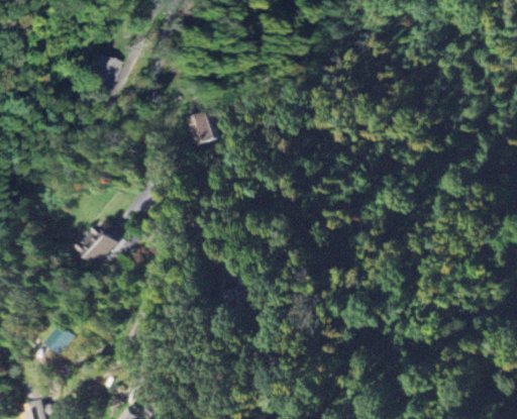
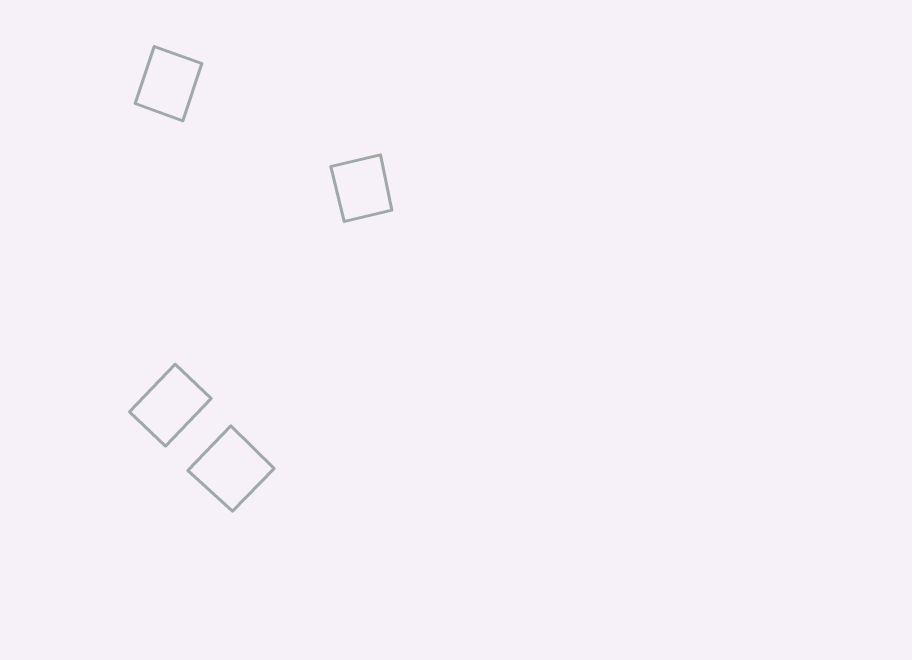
building: none -> [188,426,274,511]
building: [43,325,73,355] -> none

